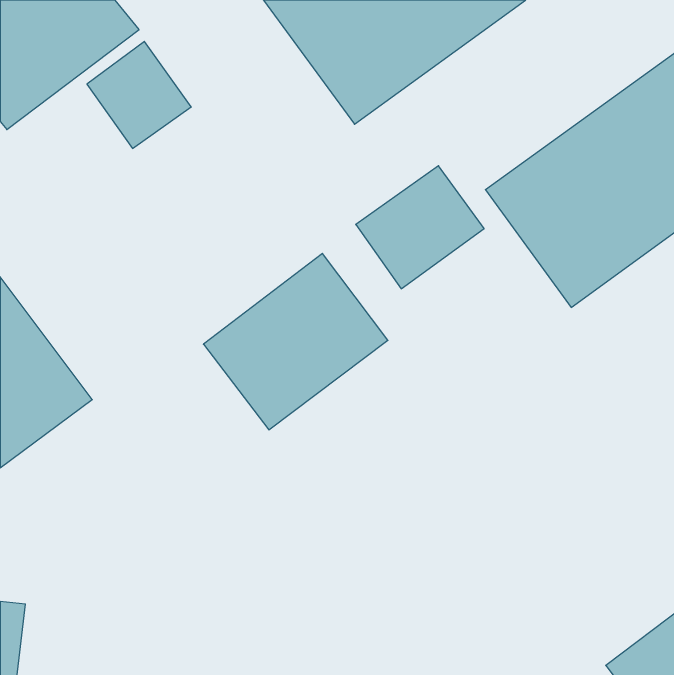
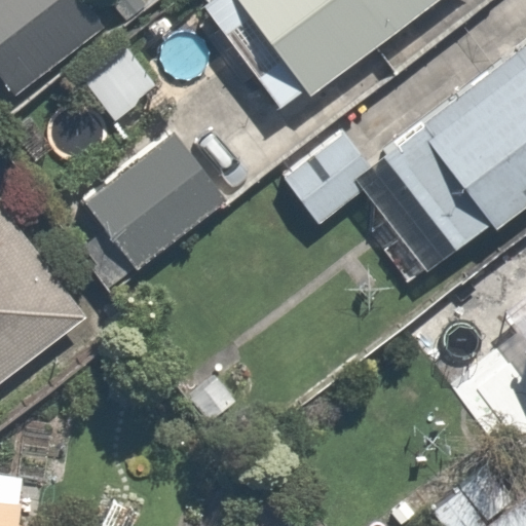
building: [203,253,388,430] -> [79,133,221,268]

